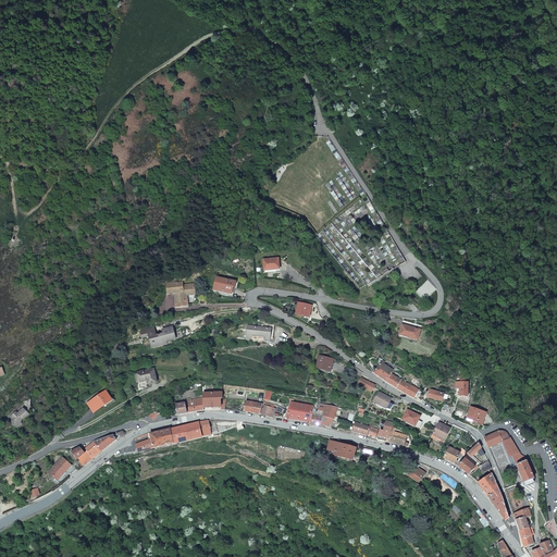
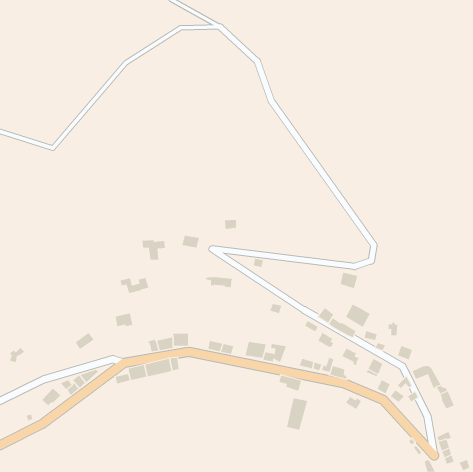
building: none -> [345,304,371,328]
building: none -> [287,397,308,431]
building: [478,472,509,519] -> none

